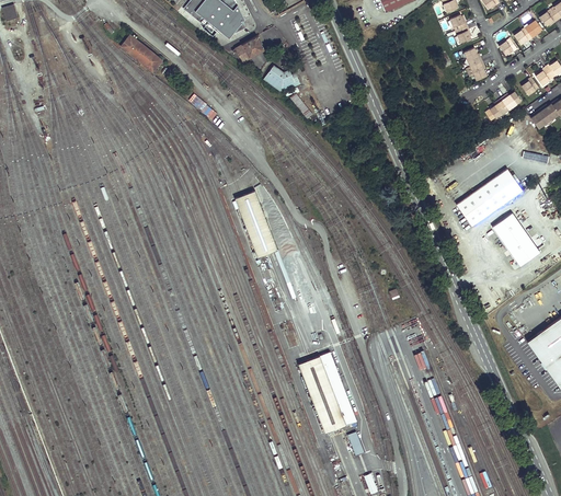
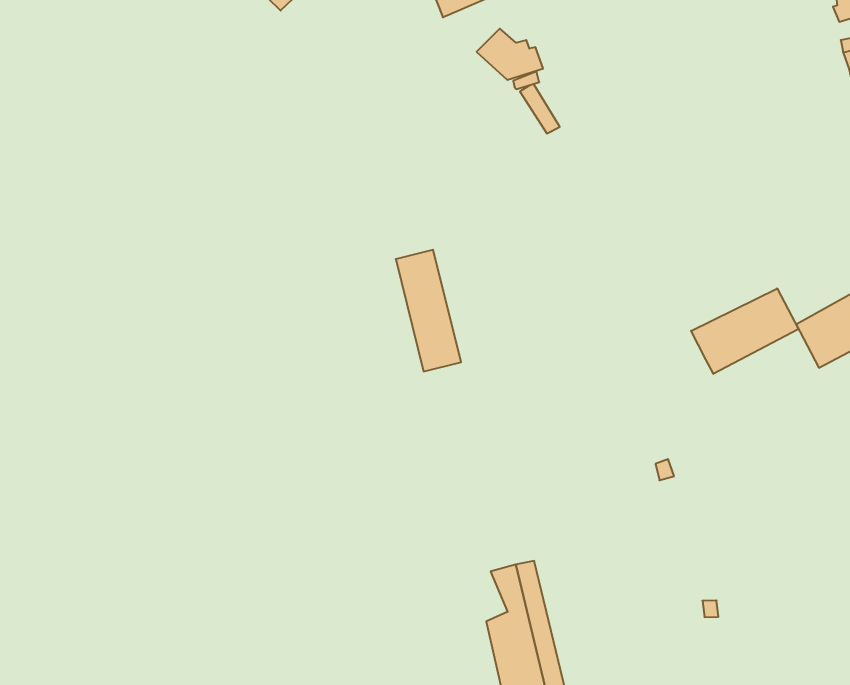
building: none -> [691,288,799,374]

